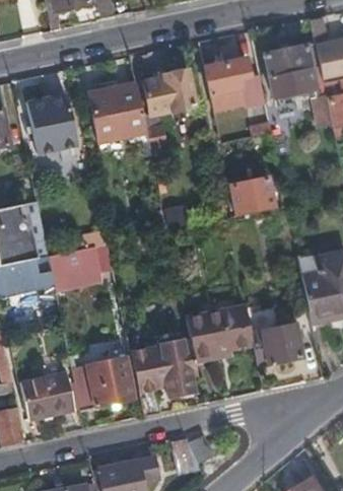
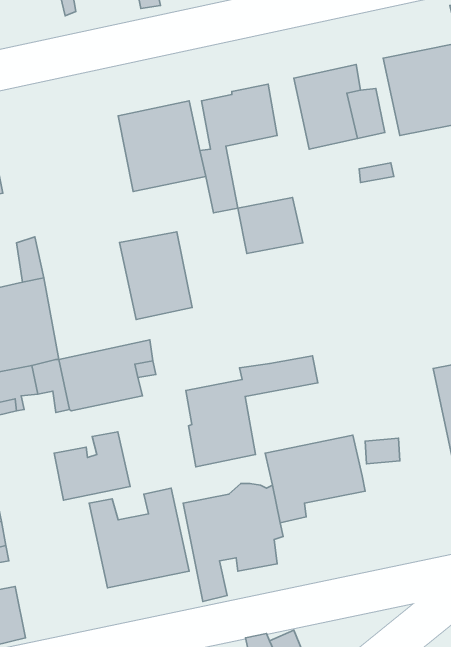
building: [27,93,76,152] -> [119,232,192,320]
building: [230,178,274,215] -> [238,198,303,254]
building: none -> [186,356,318,467]
building: [251,326,300,367] -> none
building: [23,373,74,419] -> [54,432,130,500]

